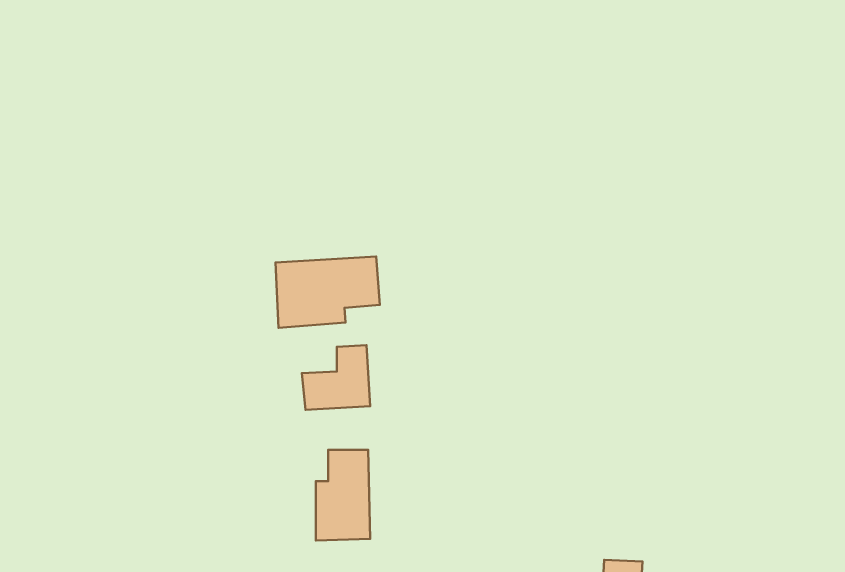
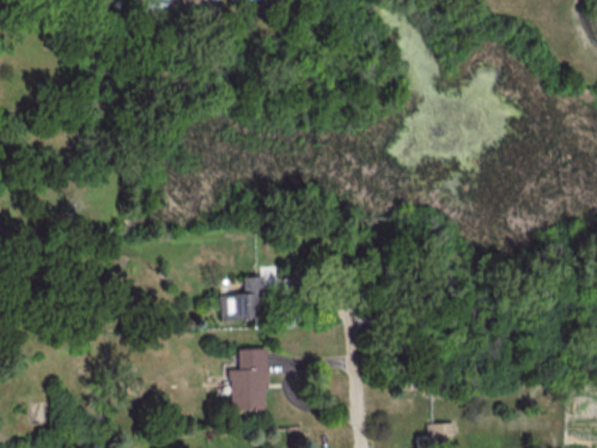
building: [276,257,380,328] -> none

